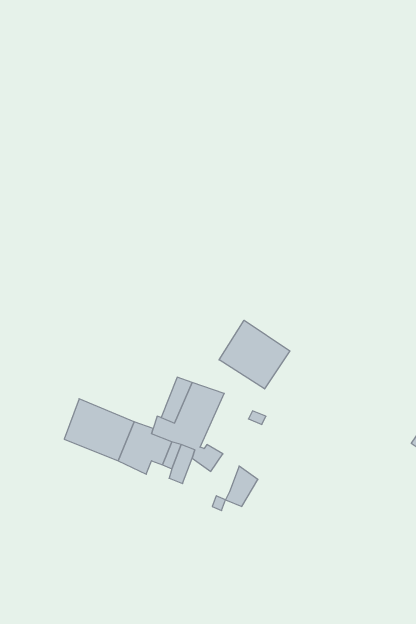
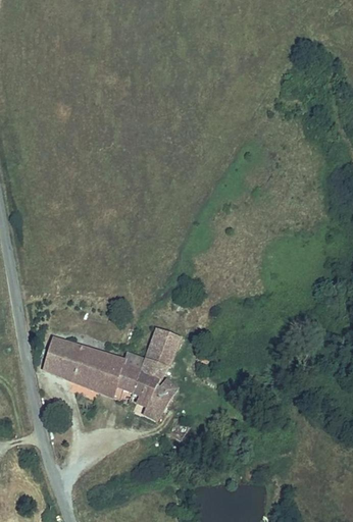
building: [219,320,290,389] -> none
building: none -> [43,336,68,373]
building: [226,466,258,506] -> [144,387,168,418]

